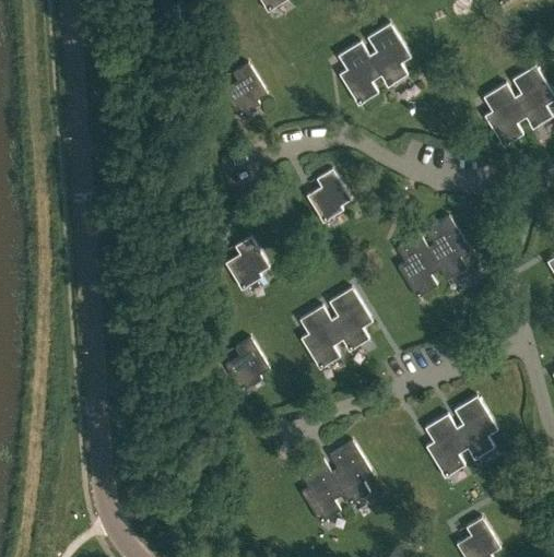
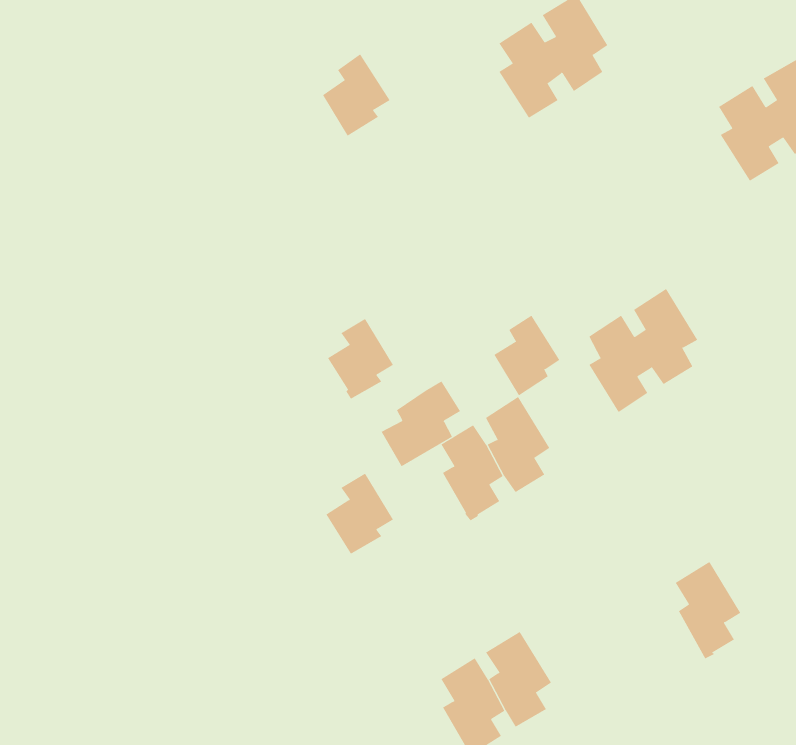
building: [307,169,351,223] -> [494,315,560,396]
building: none -> [381,380,461,467]
building: [425,414,468,477] -> none

